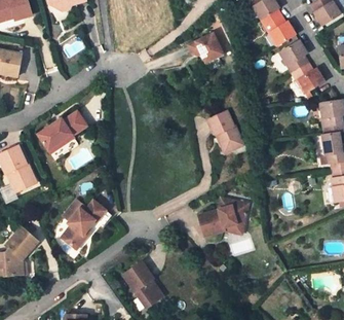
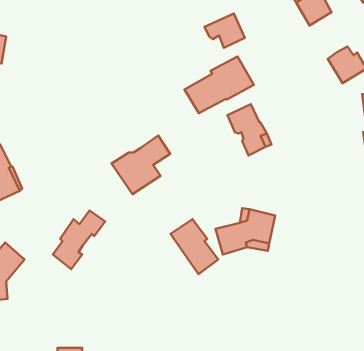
building: [279,38,308,72] -> none
building: none -> [184,56,254,113]
building: [37,110,86,159] -> [112,135,170,194]
building: [122,262,162,309] -> [170,219,218,274]

